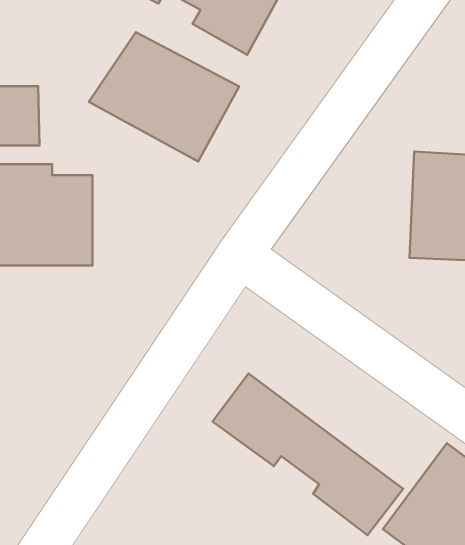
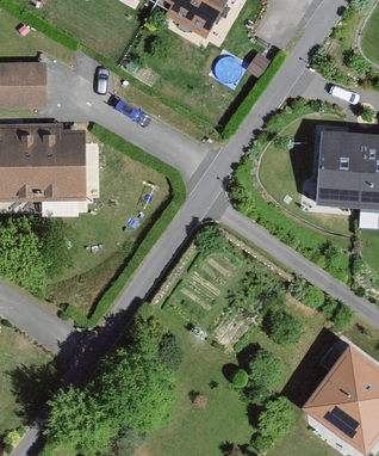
building: [89,32,239,161] -> none
building: [212,373,403,535] -> none

